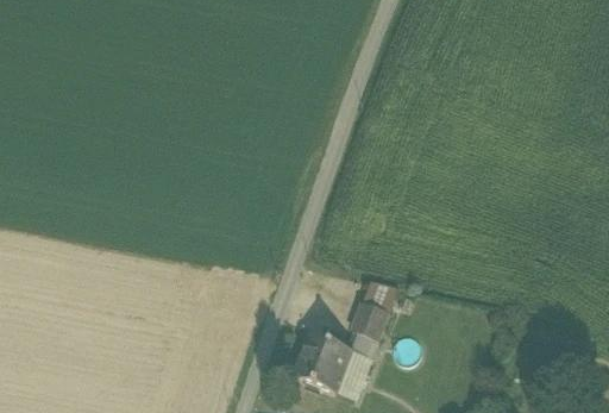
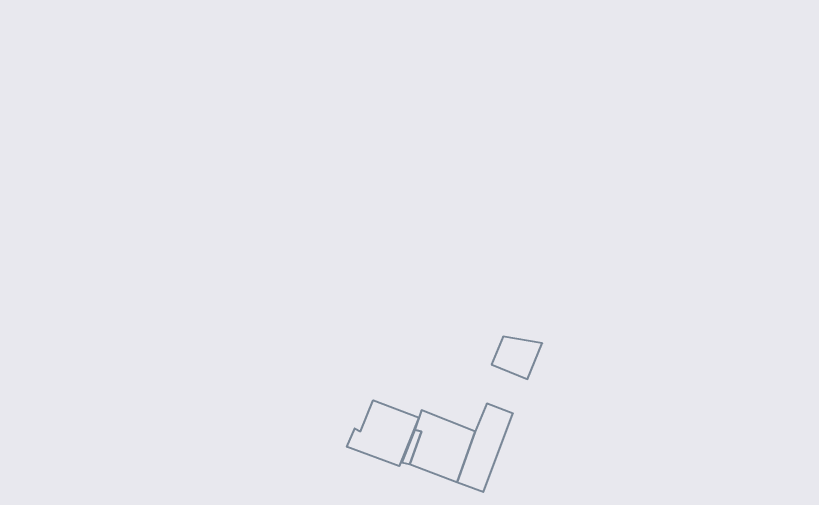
building: [351,300,387,336] -> none
building: none -> [347,400,419,466]

